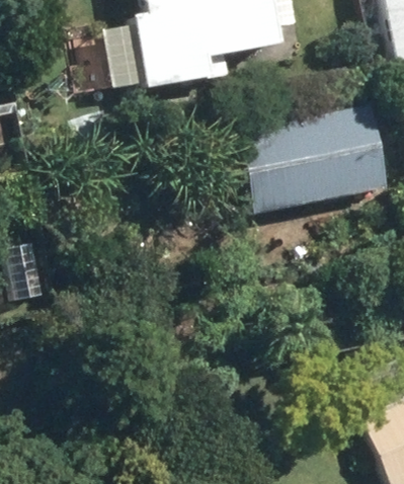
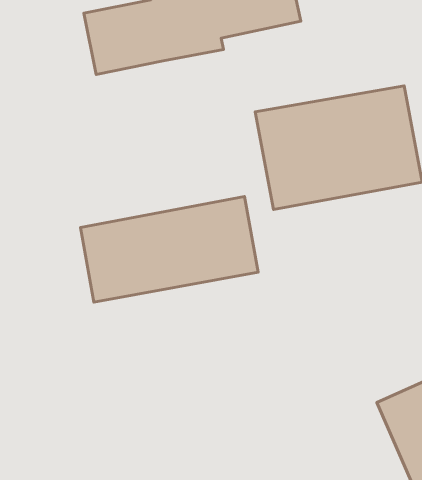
building: none -> [81,196,258,302]

